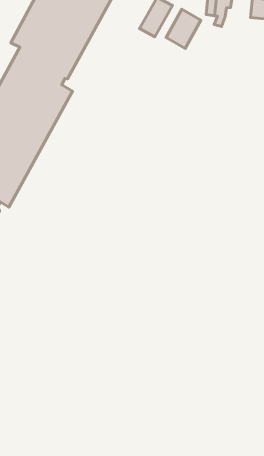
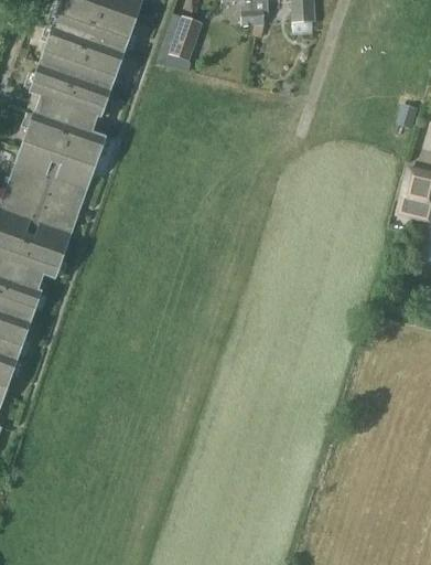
building: [166,9,201,48] -> none

